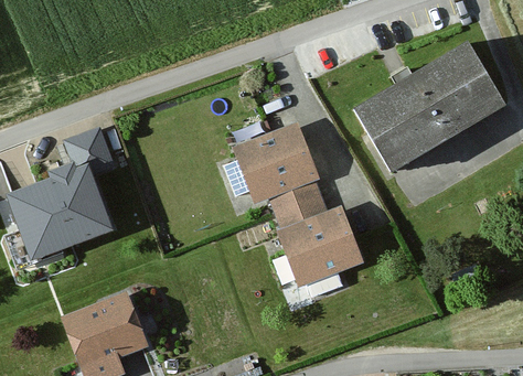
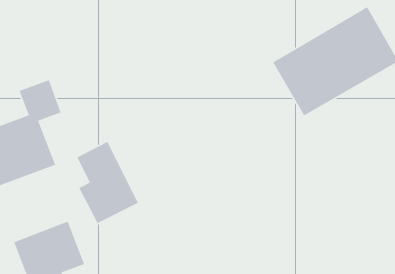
building: [228,120,357,286] -> none
building: none -> [76,141,139,224]

